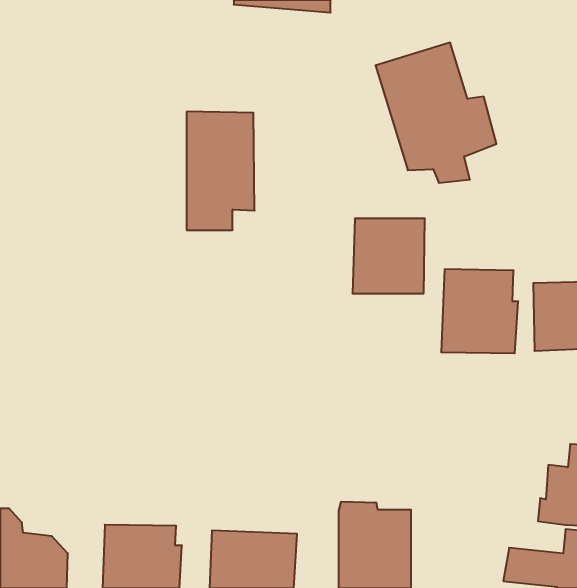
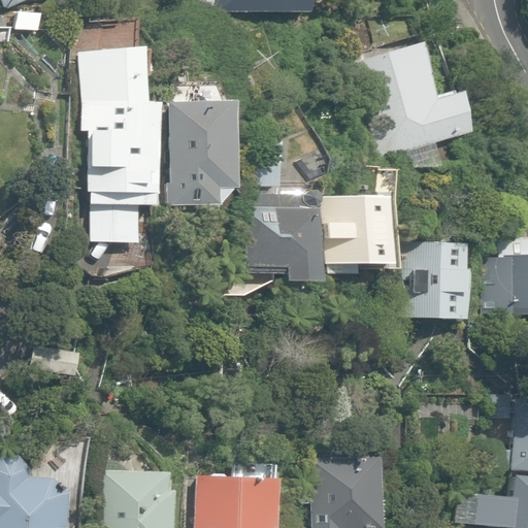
building: none -> [87,46,160,243]
building: none -> [246,206,321,282]

